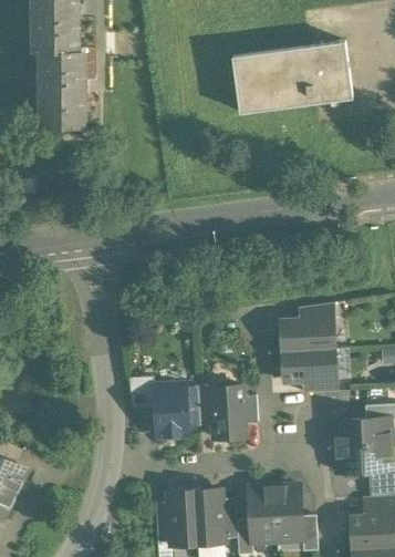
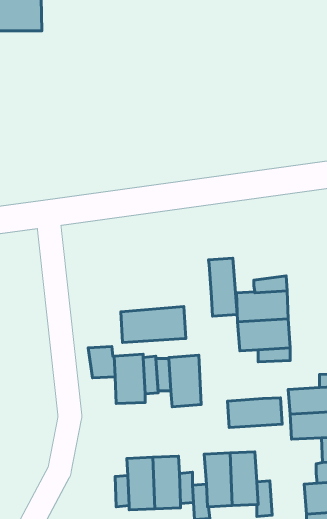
building: [232,43,352,113] -> none
building: [41,51,86,127] -> none
building: none -> [209,258,237,316]
building: none -> [121,306,186,343]
building: none -> [228,398,282,427]

